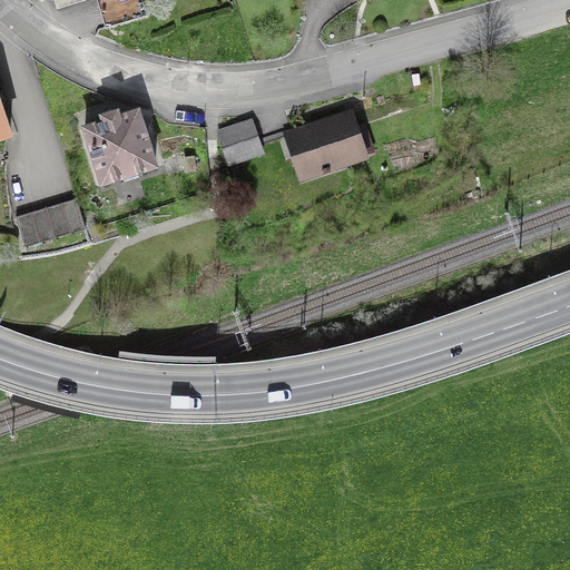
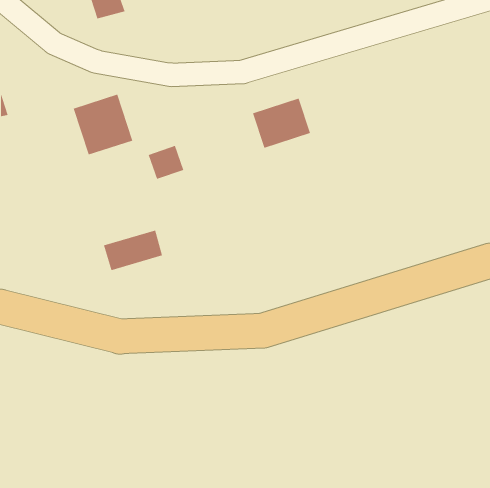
building: [218,120,261,160] -> [148,145,184,180]
building: [16,197,85,245] -> [103,230,163,271]

